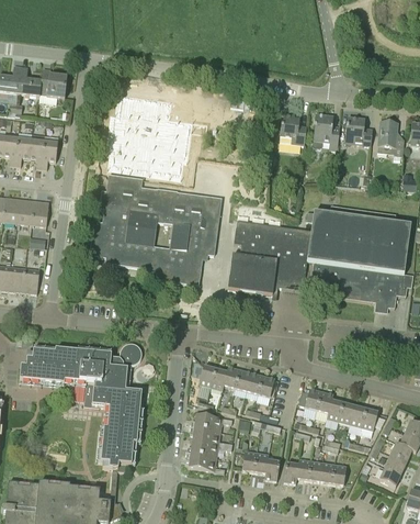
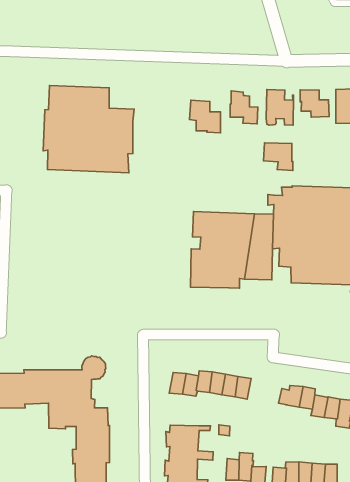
building: none -> [190,100,221,133]
building: none -> [263,143,293,171]
building: [89,175,219,286] -> none

